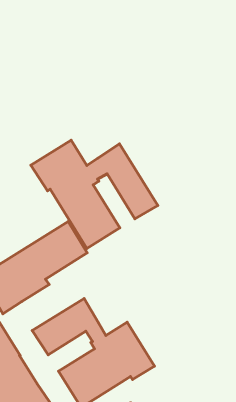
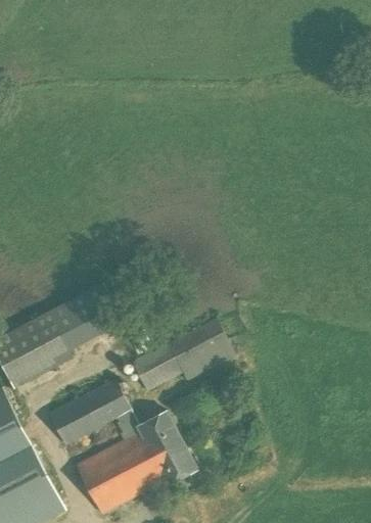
building: [31,140,158,248] -> none
building: none -> [130,319,235,392]

